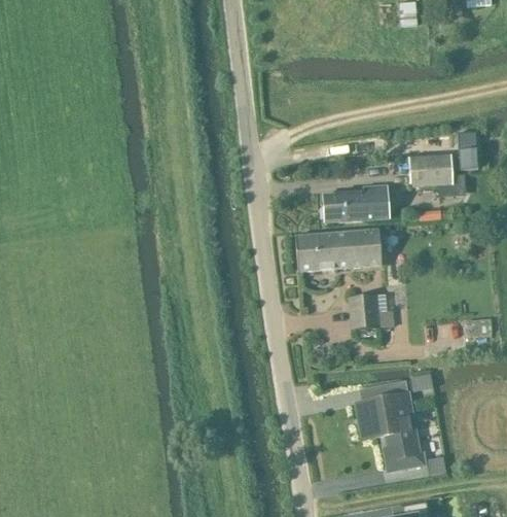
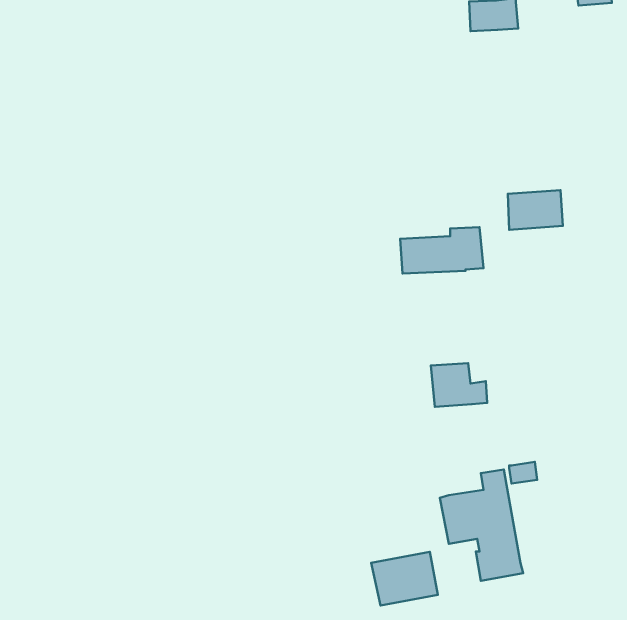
building: [459,131,478,169] -> none
building: [296,228,383,271] -> none
building: none -> [371,552,438,605]

